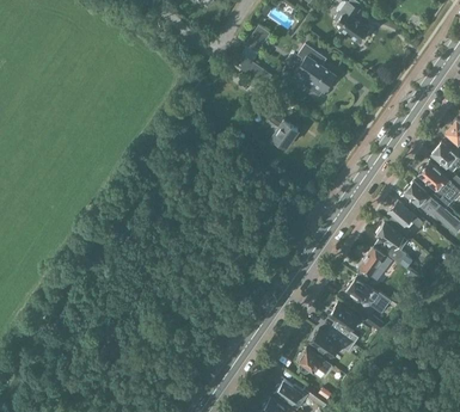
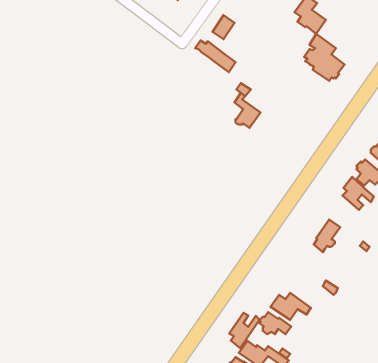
building: [293,42,337,93] -> [304,34,345,81]
building: [375,222,413,268] -> none
building: [346,276,391,307] -> none
building: [329,302,358,343] -> none
building: none -> [229,313,259,348]

